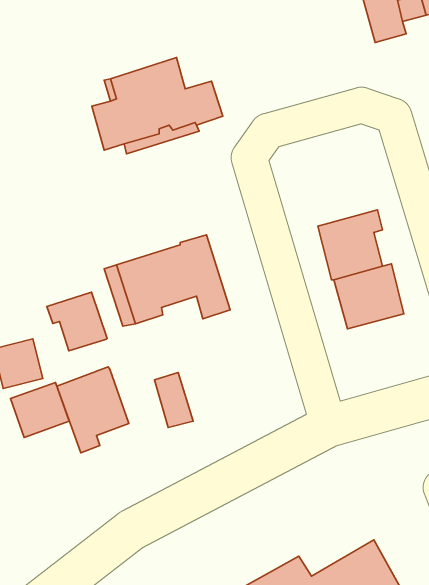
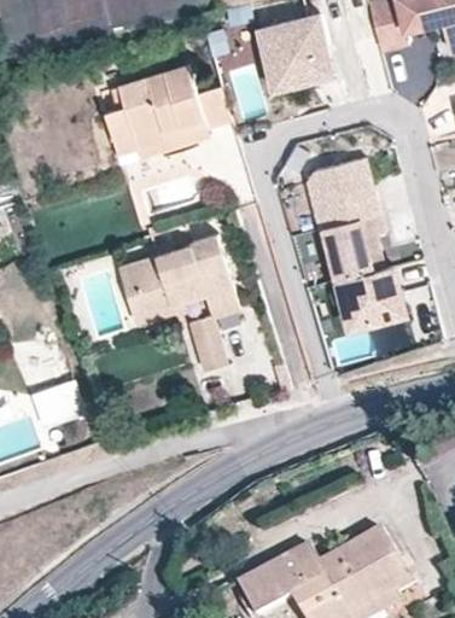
building: none -> [261,14,336,89]
building: none -> [308,157,381,227]
building: [47,292,107,351] -> none
building: [57,367,129,453] -> none
building: [154,372,193,427] -> [189,316,227,369]

